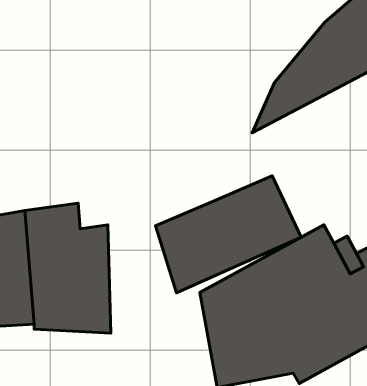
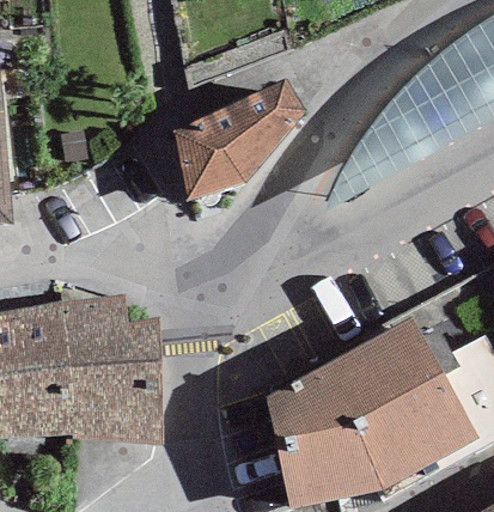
building: none -> [171,78,304,201]
building: [156,176,301,293] -> none

